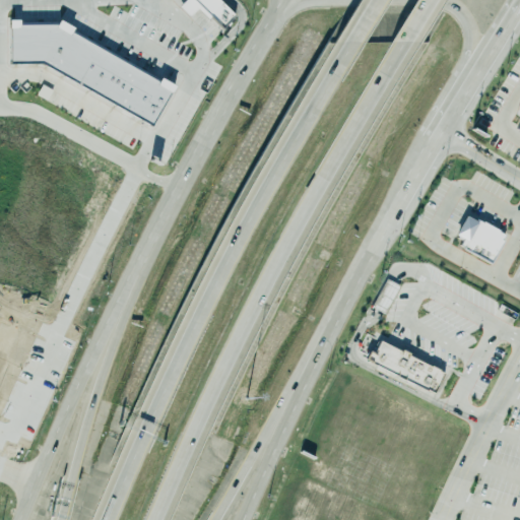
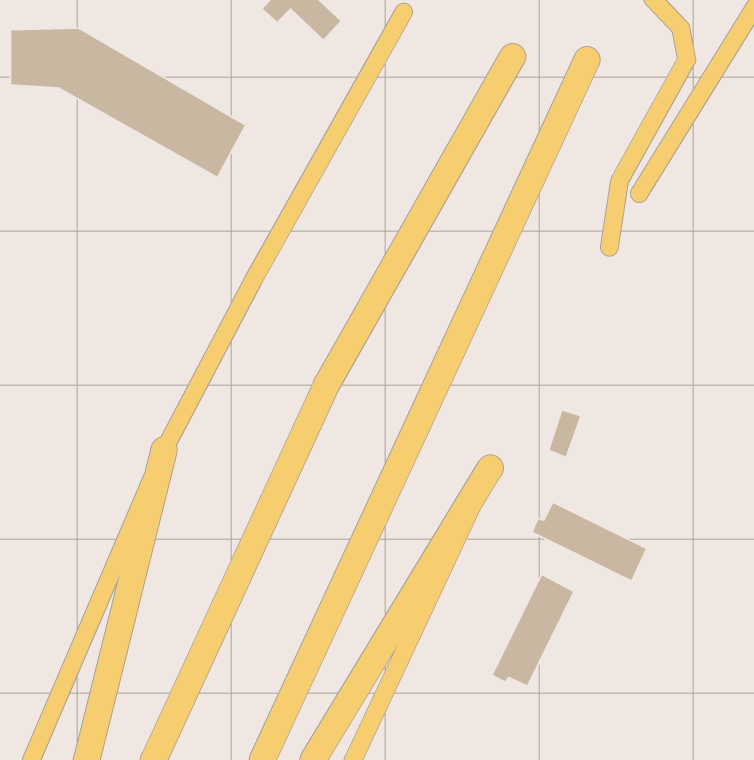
building: [451,212,507,265] -> none
building: none -> [492,574,574,686]

